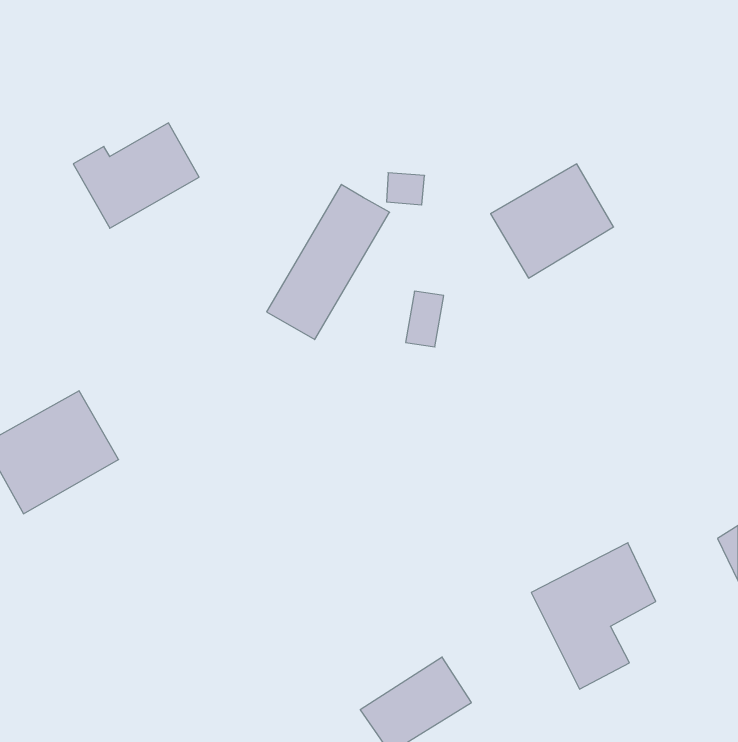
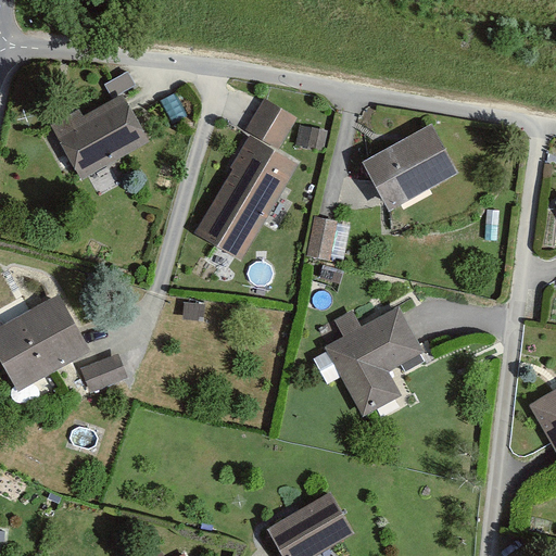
building: none -> [238,100,288,151]
building: none -> [72,353,118,393]
building: [531,543,656,689] -> [327,308,419,417]

